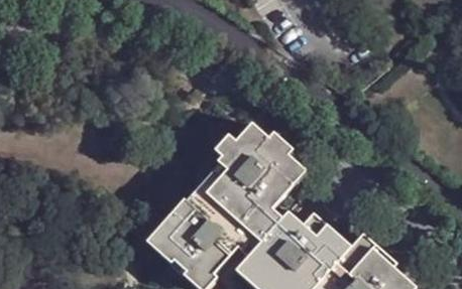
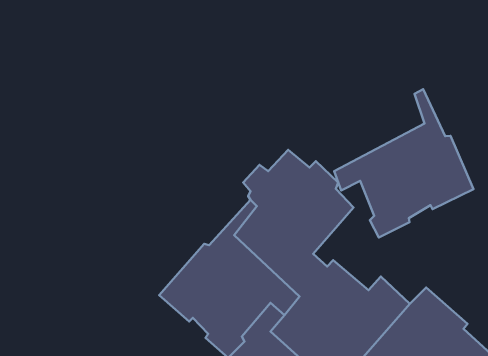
building: none -> [334,89,473,237]

